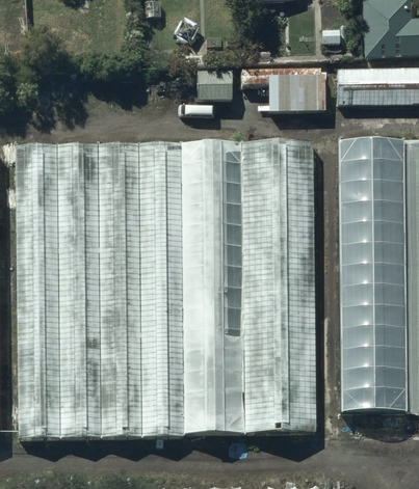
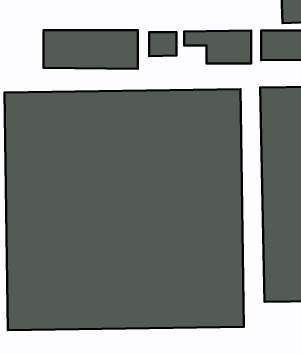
building: none -> [43,30,138,69]

